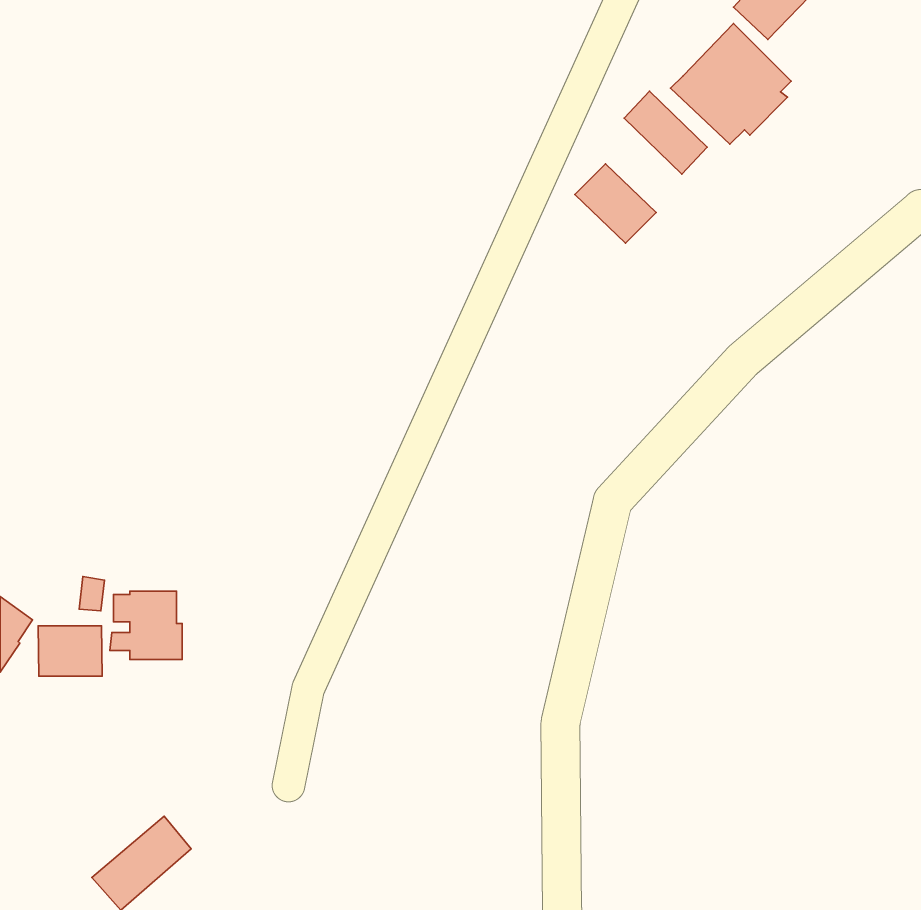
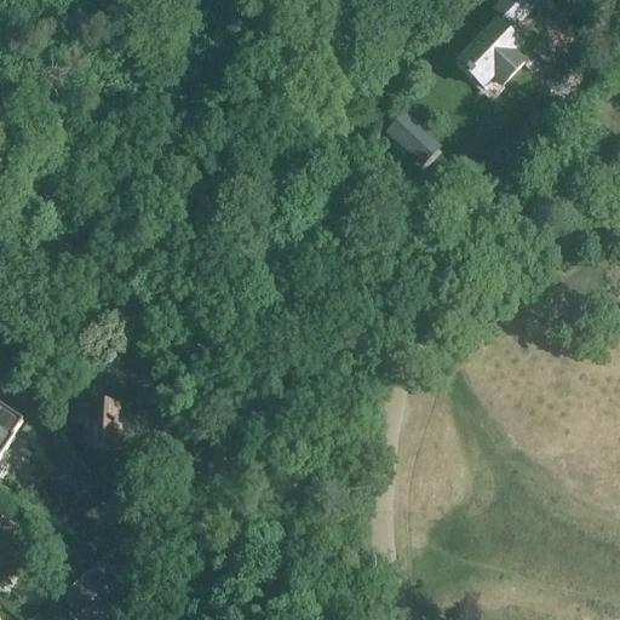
building: [624,91,707,174] -> none
building: [38,626,102,676] -> none

